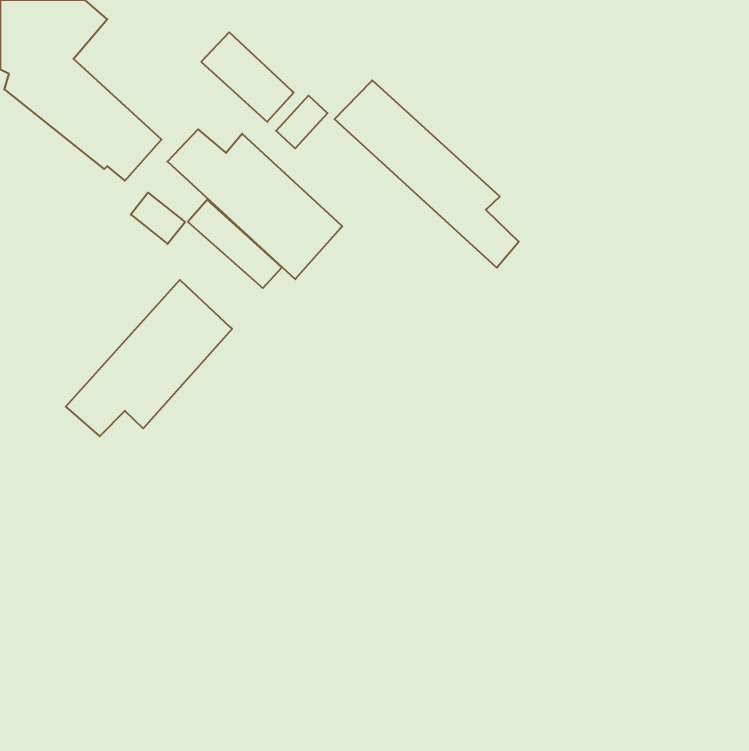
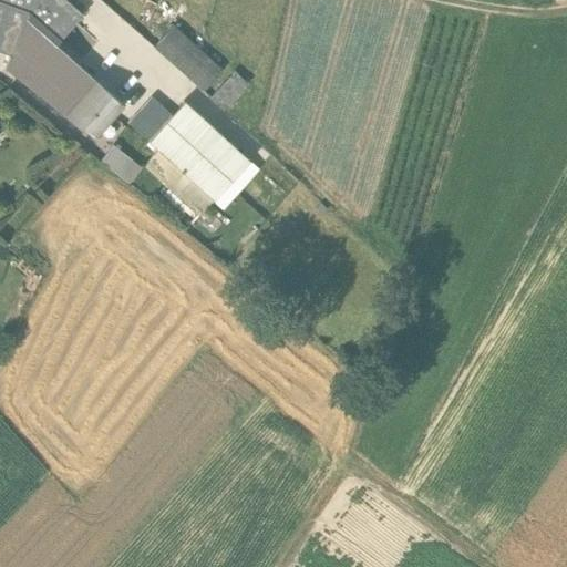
building: [335,80,519,268] -> none
building: [66,280,232,436] -> none

